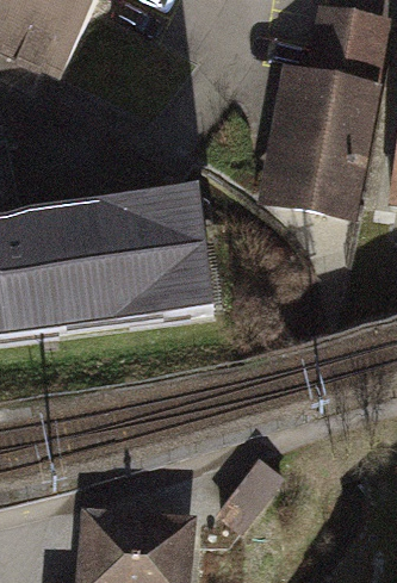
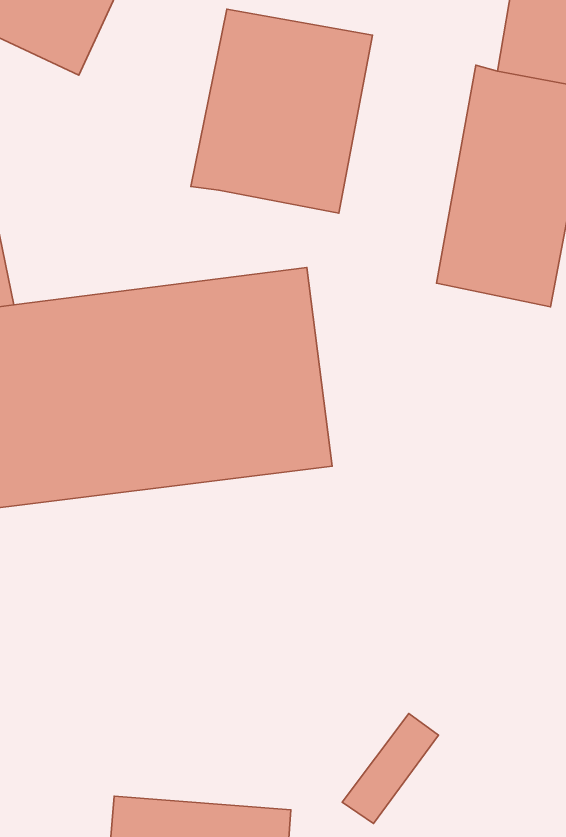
building: none -> [191,9,373,213]

